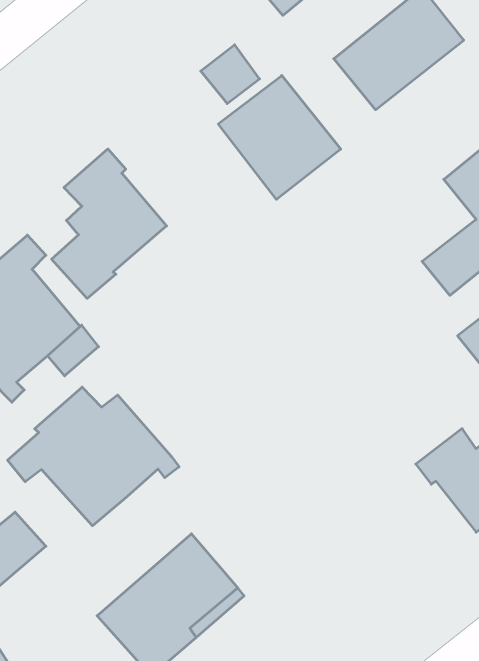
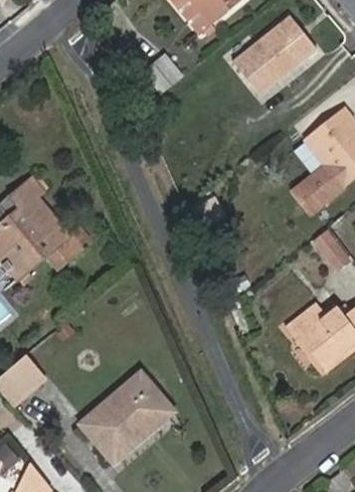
building: [218,75,341,199] -> none
building: [52,149,167,298] -> none
building: [8,387,179,526] -> none

